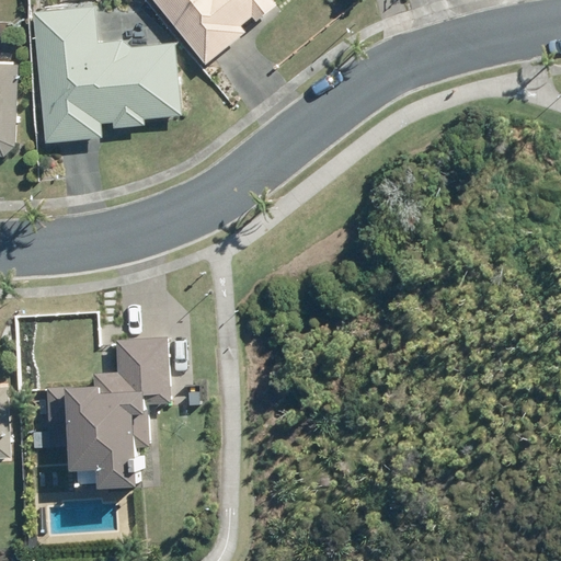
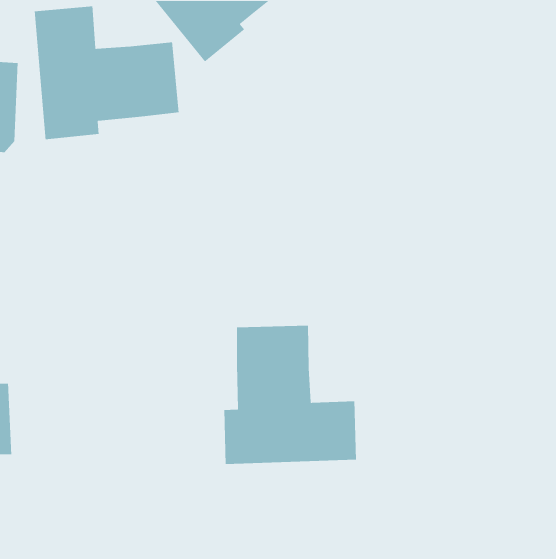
building: none -> [224,325,357,465]
building: [43,337,164,488] -> none

